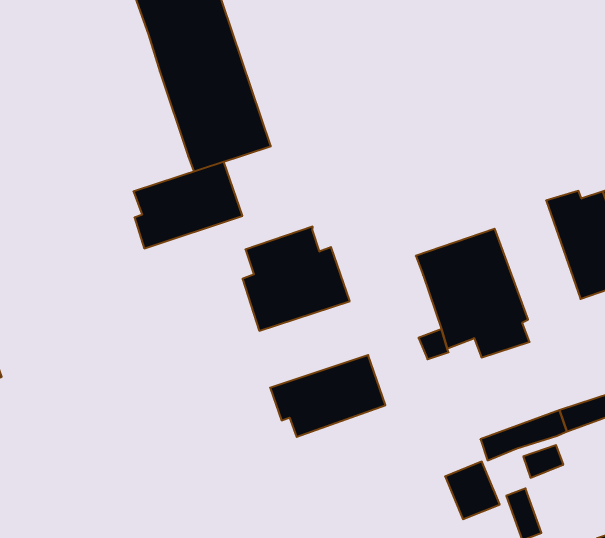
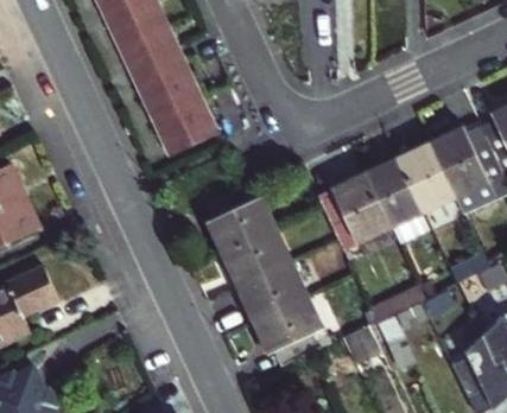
building: [133,162,242,248] -> [222,228,293,288]
building: none -> [366,151,432,242]
building: none -> [253,292,325,364]

